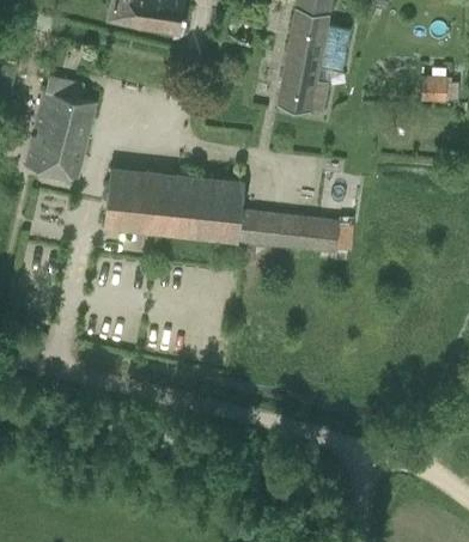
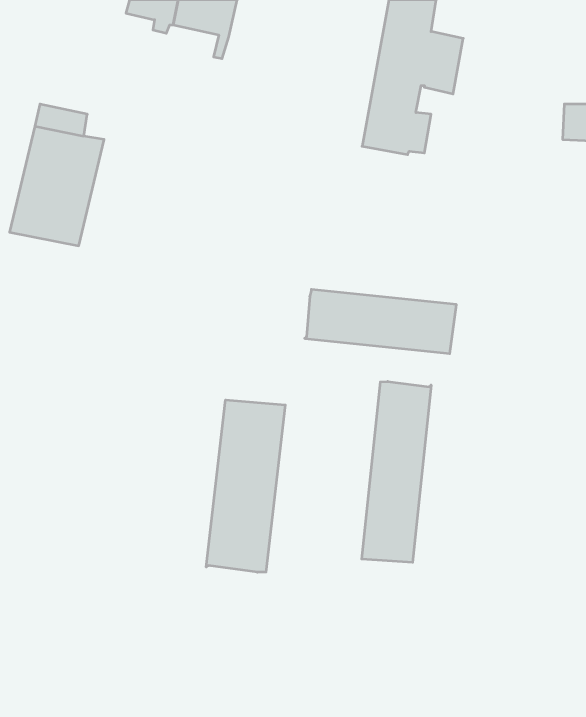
building: [103,168,245,243] -> none
building: none -> [362,381,431,562]
building: none -> [206,400,285,572]

